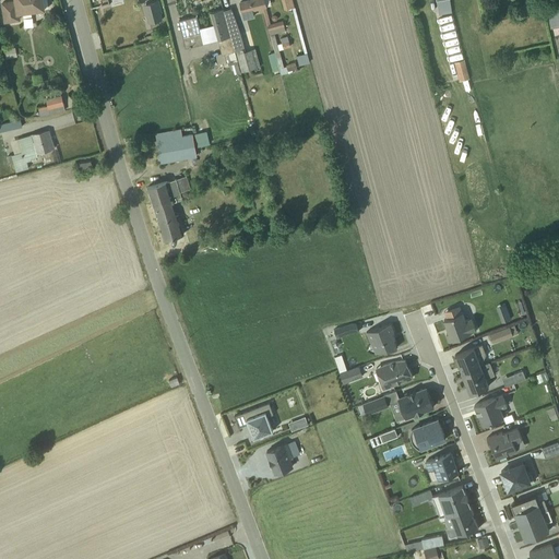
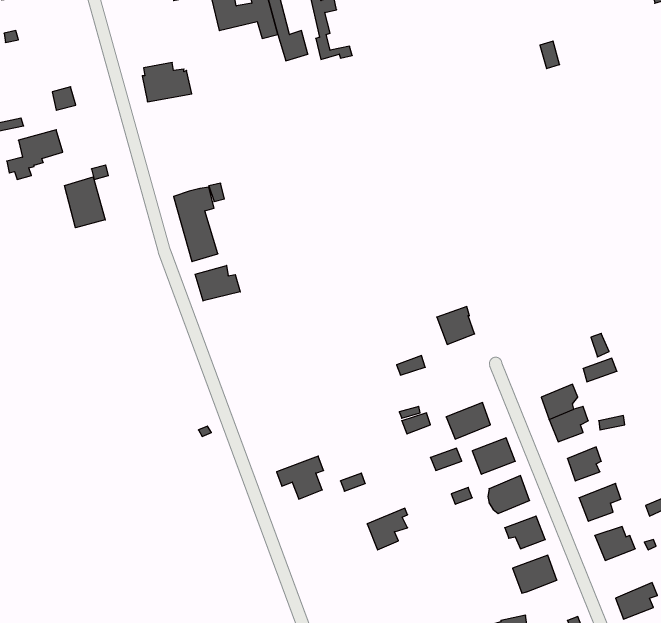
building: [155,129,197,162] -> [142,63,192,102]
building: none -> [65,177,105,228]
building: none -> [195,265,240,301]
building: [444,305,476,341] -> none
building: [367,323,399,355] -> [437,307,475,344]
building: [266,440,300,475] -> [367,508,408,550]
building: [510,495,548,523] -> none
building: [443,508,477,535] -> none

